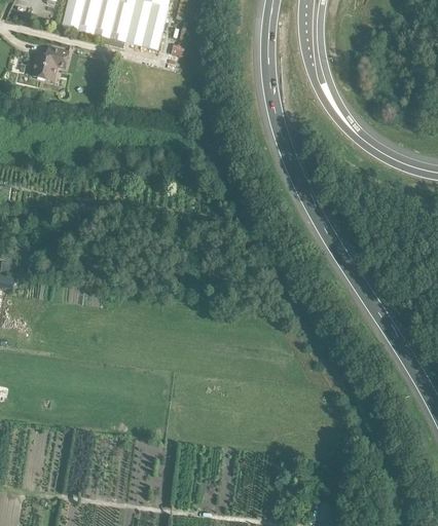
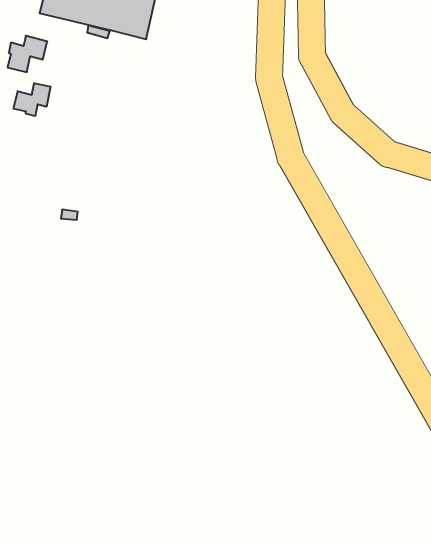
building: none -> [14,83,51,116]

